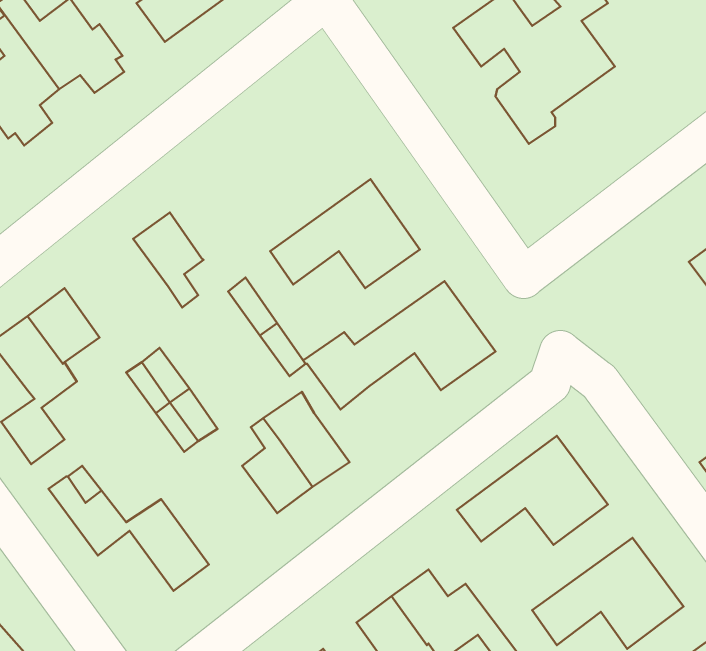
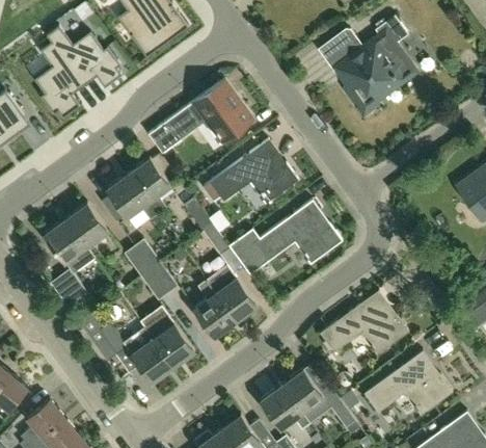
building: none -> [149,78,253,153]
building: none -> [107,174,157,219]
building: none -> [140,305,194,366]

